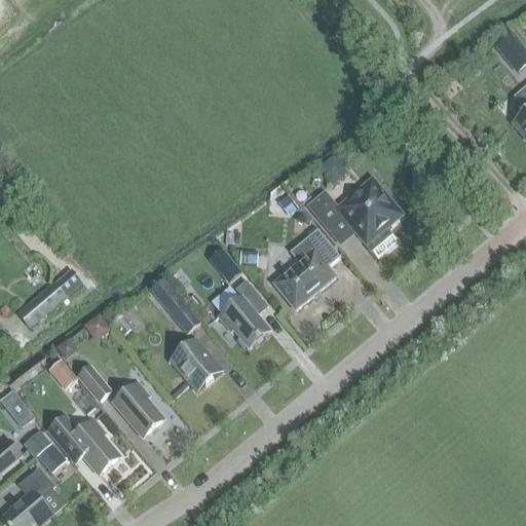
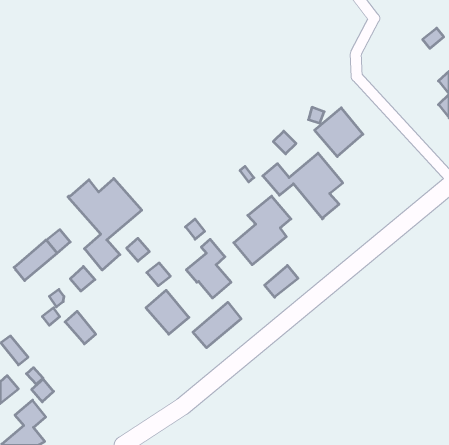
building: none -> [315,108,363,157]
building: none -> [68,178,142,270]
building: none -> [265,265,298,297]
building: none -> [193,302,241,348]
building: [113,382,163,437] -> none
building: [47,417,119,474] -> none

